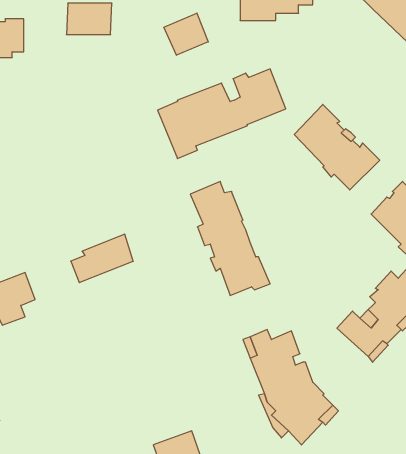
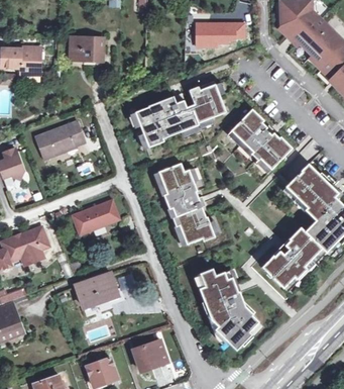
building: [164,13,208,55] -> none
building: none -> [35,121,85,155]
building: none -> [75,272,118,307]

